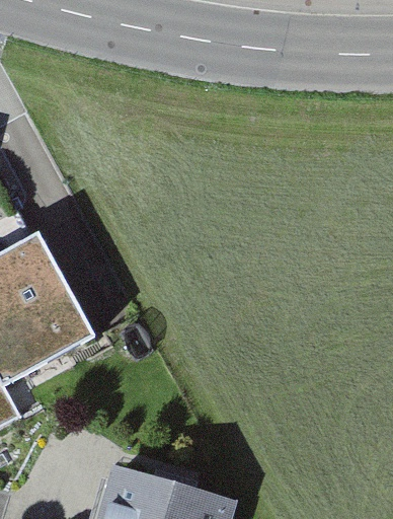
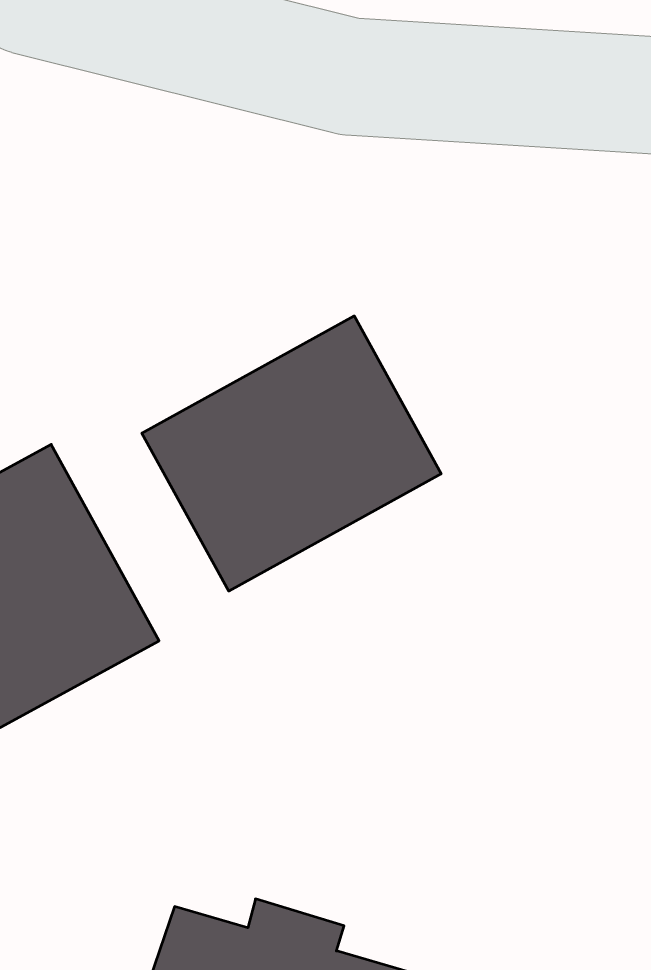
building: none -> [142,316,441,591]

